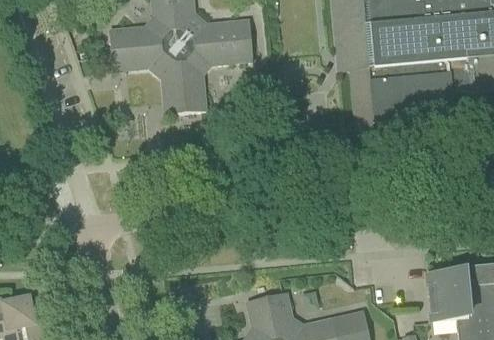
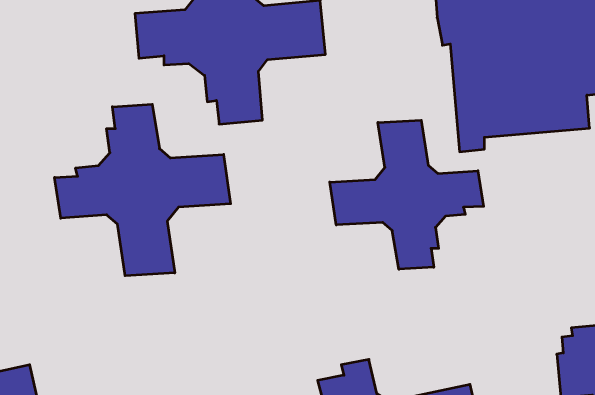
building: none -> [55,104,231,276]
building: none -> [330,120,484,269]

